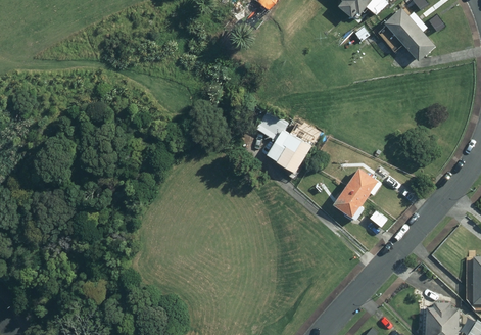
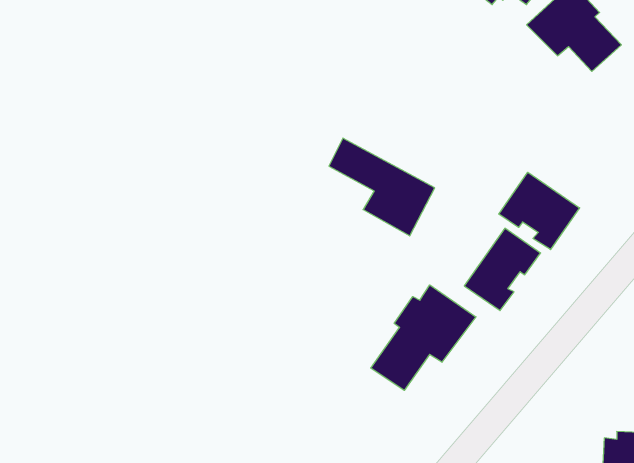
building: none -> [499,172,580,250]
building: none -> [371,285,476,390]

